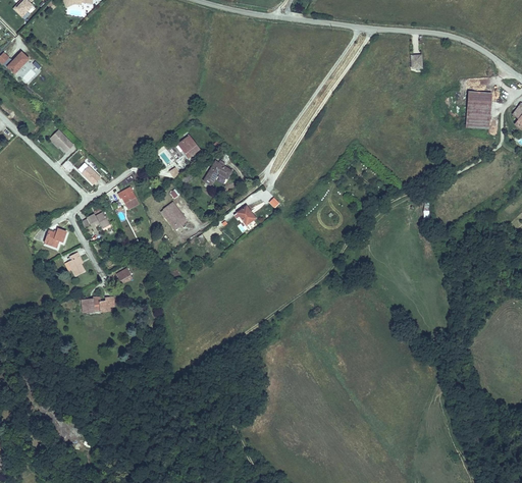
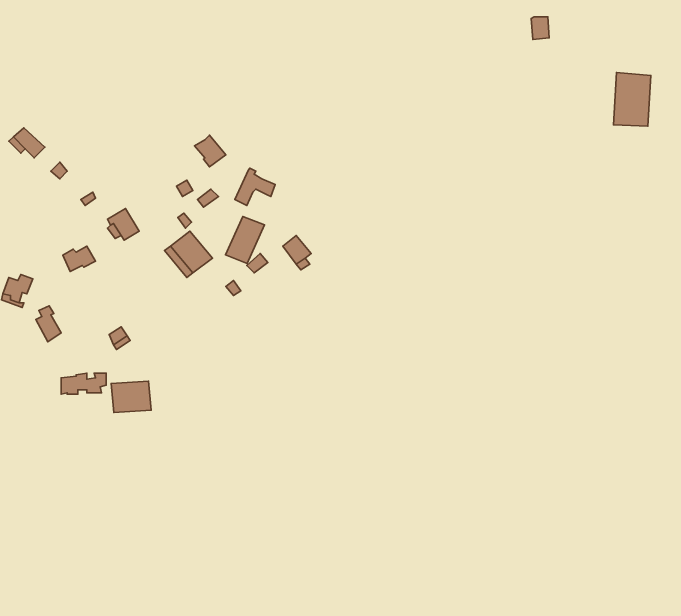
building: none -> [226,216,265,263]
building: none -> [111,381,151,412]

